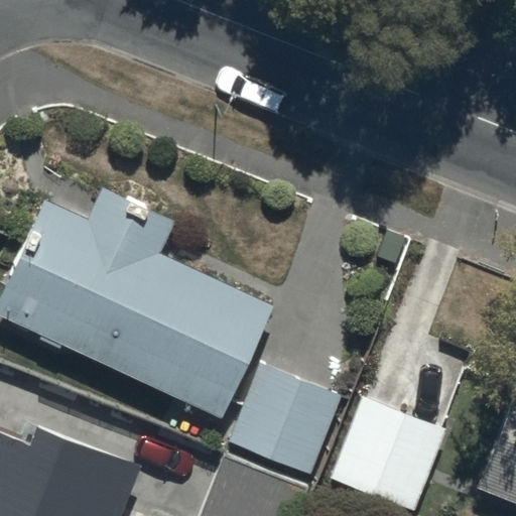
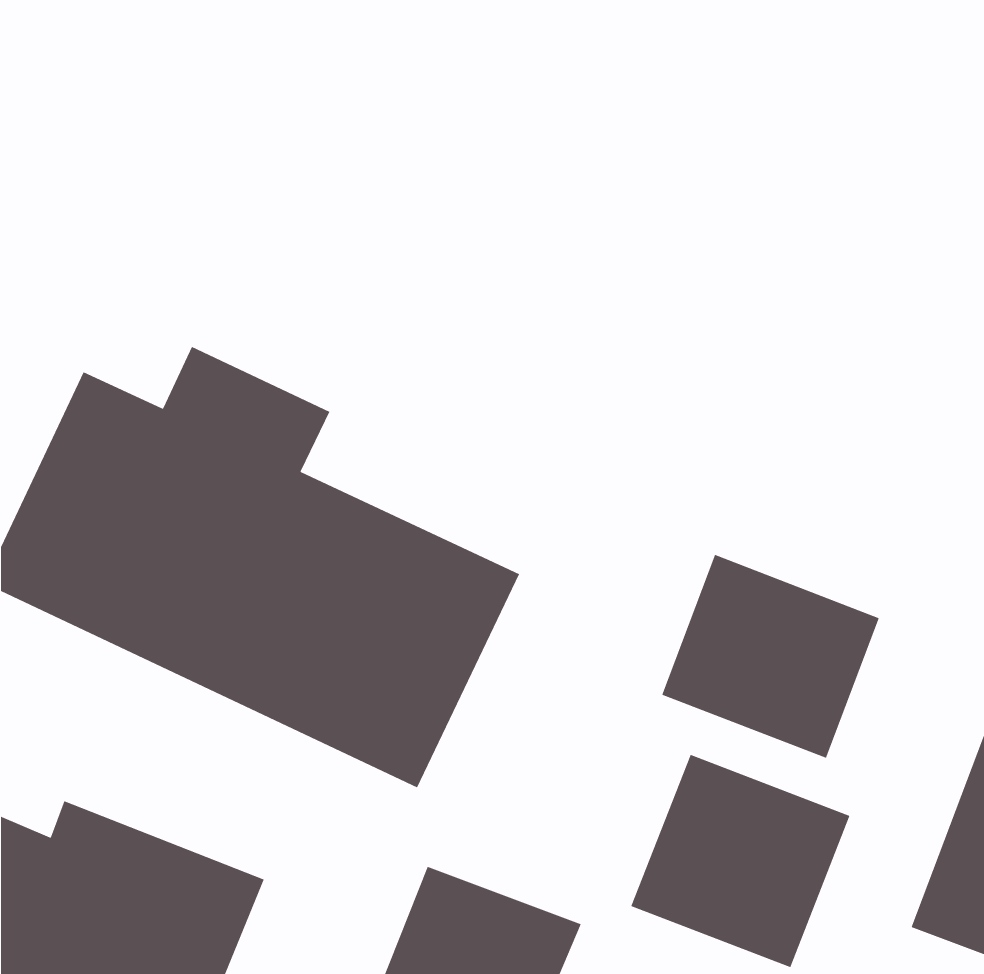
building: none -> [661,554,880,759]
building: [230,366,342,476] -> none

